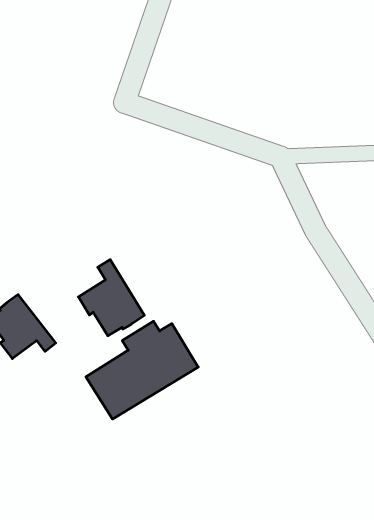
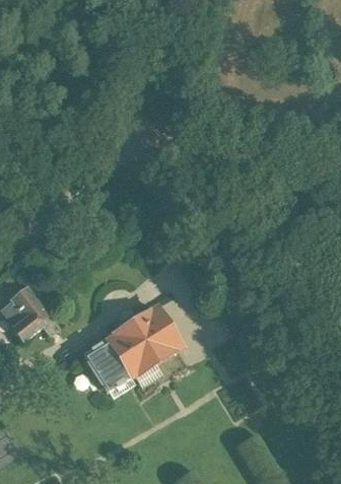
building: [78,260,144,336] -> none

